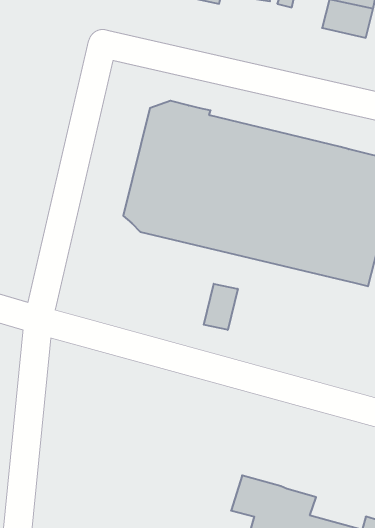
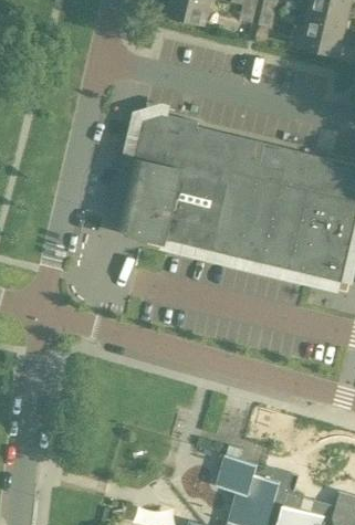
building: [204,284,238,330] -> none

